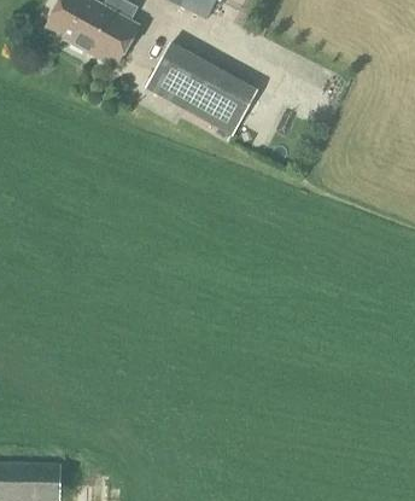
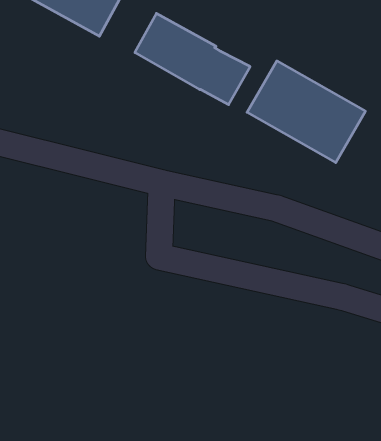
building: none -> [247,61,365,163]

